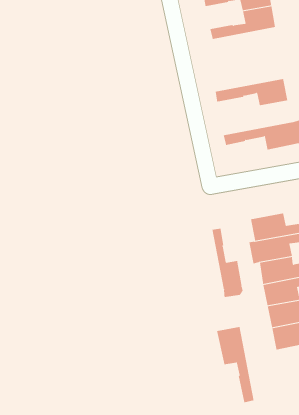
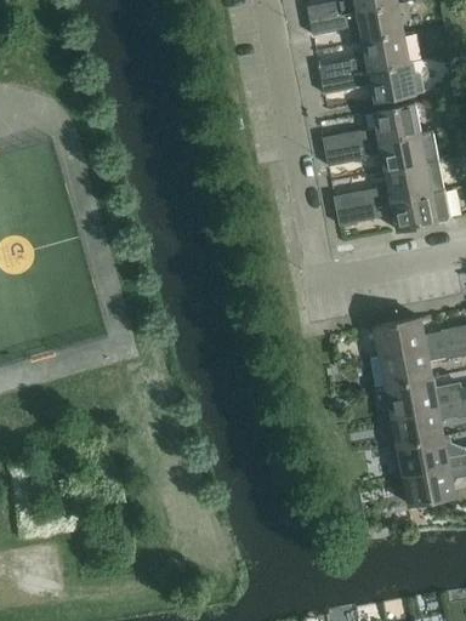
building: none -> [323,63,424,102]
building: none -> [324,103,421,152]
building: none -> [335,164,433,211]
building: [212,228,243,298] -> none
building: [217,326,254,403] -> none

